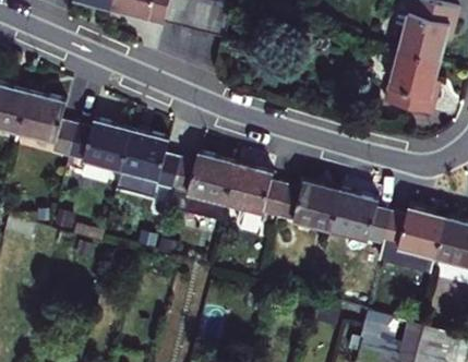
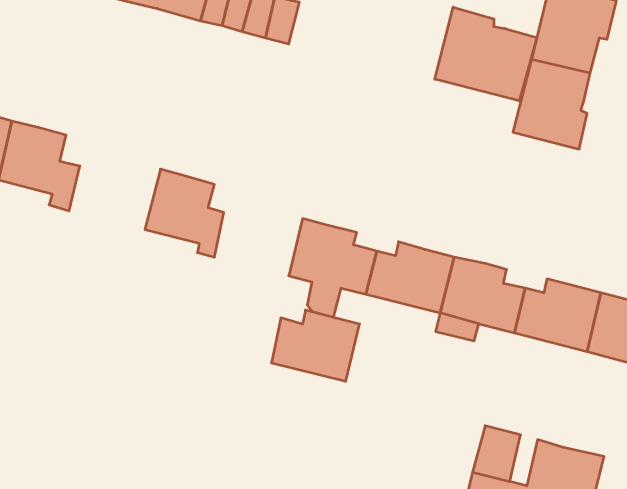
building: none -> [435,7,537,101]
building: [72,120,136,172] -> none
building: [175,155,237,205] -> [271,310,360,381]

